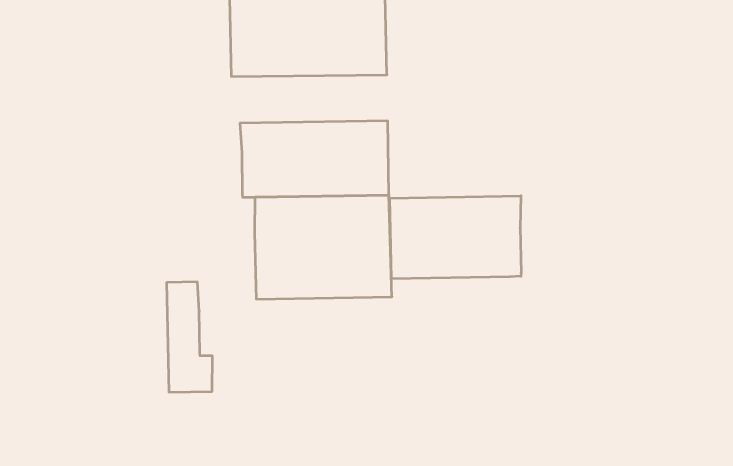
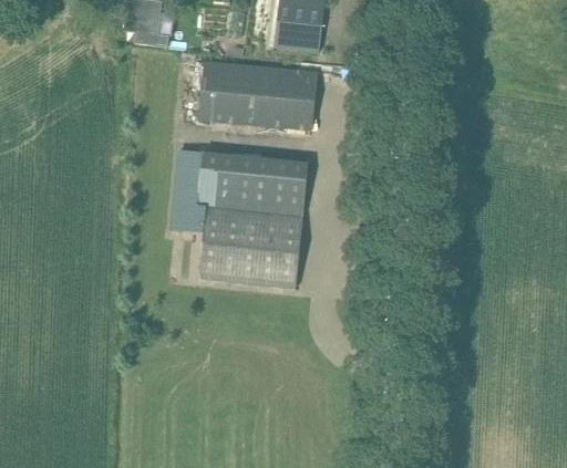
building: [390,196,521,279] -> none
building: [167,282,212,392] -> [172,148,206,230]

